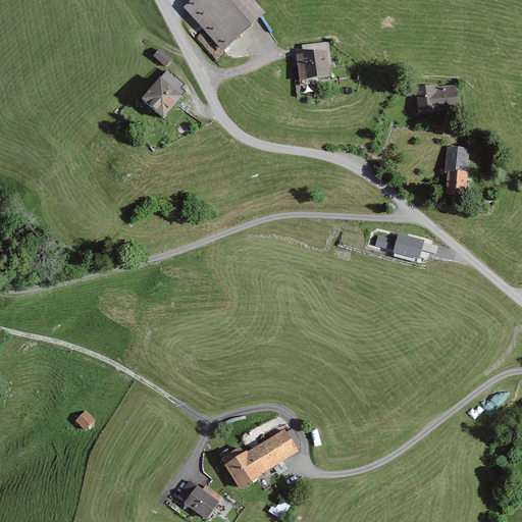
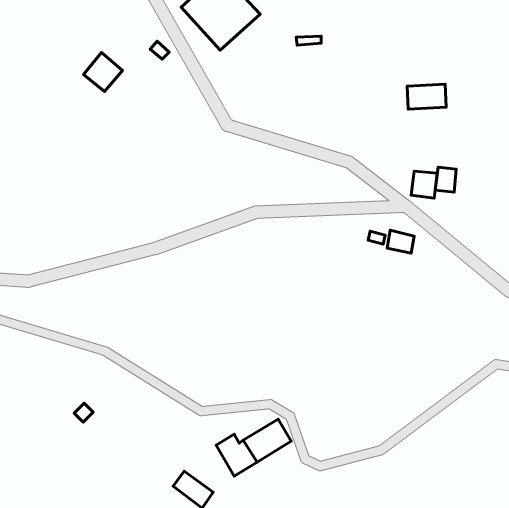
building: [296,50,330,82] -> none
building: [141,79,180,118] -> [84,53,123,92]
building: [441,145,468,172] -> [411,171,437,198]

